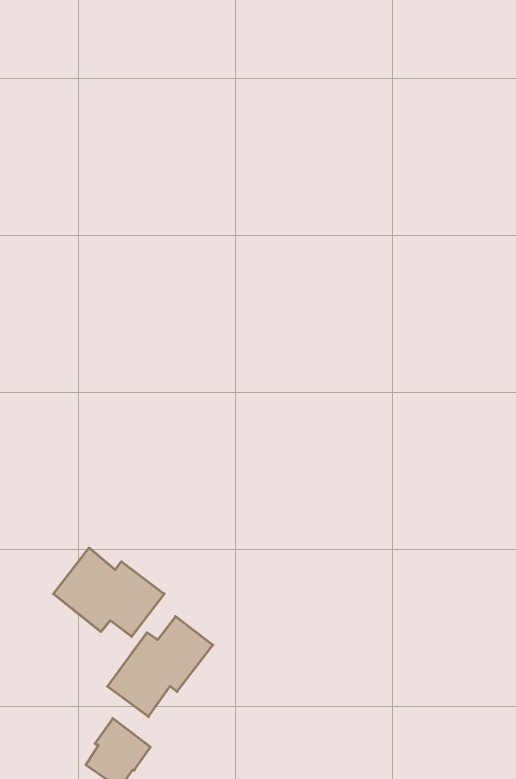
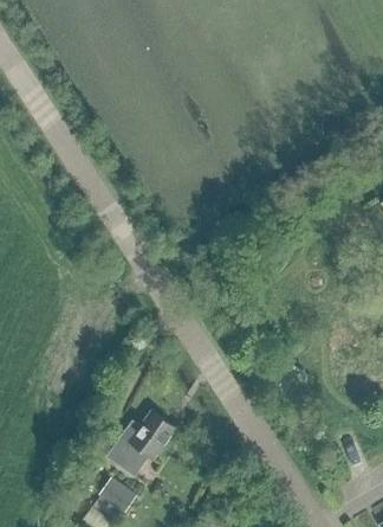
building: [53,548,164,637] -> none

